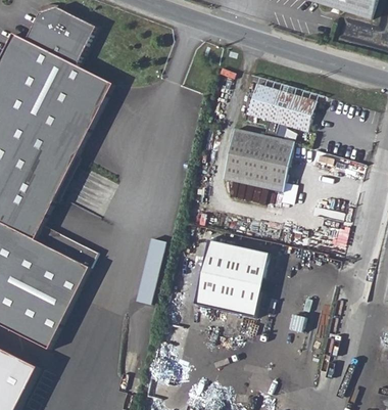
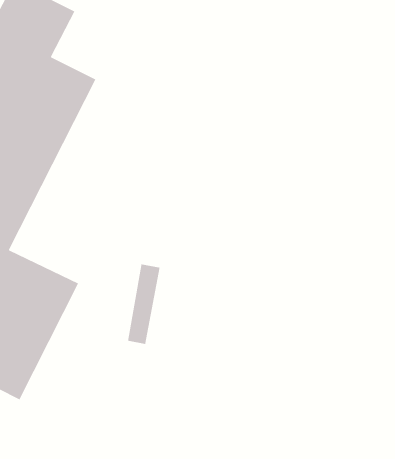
building: [224,81,316,190] -> none
building: [195,241,269,316] -> none

